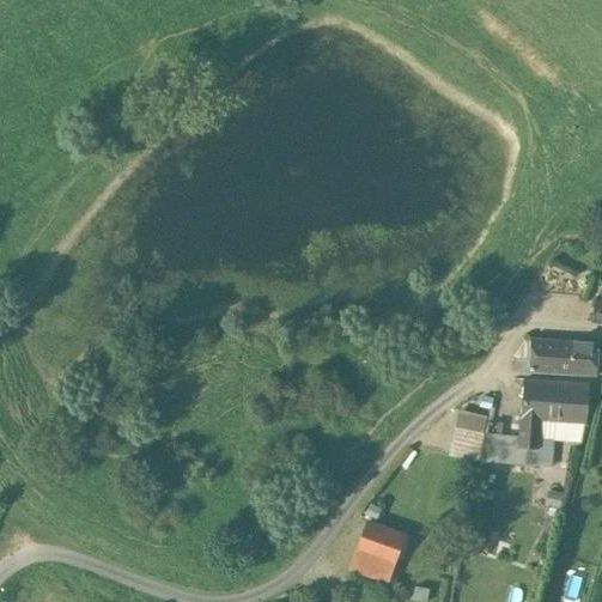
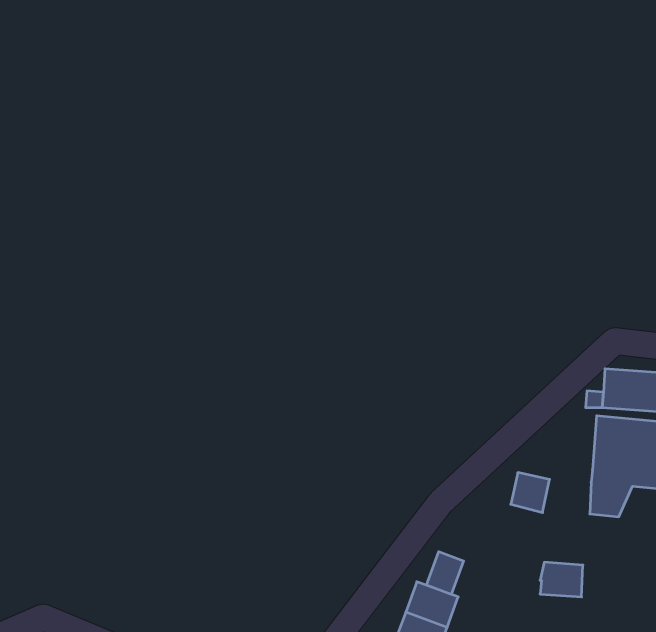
building: [482,432,519,462] -> [540,562,583,597]
building: none -> [426,552,464,594]

